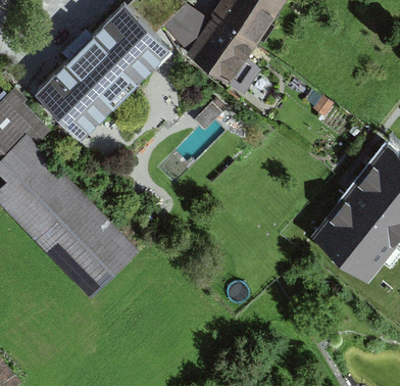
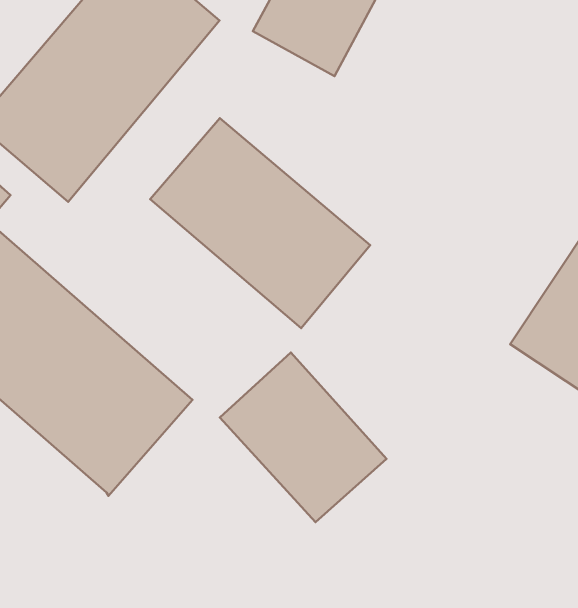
building: none -> [150,118,370,328]
building: none -> [220,352,386,522]

